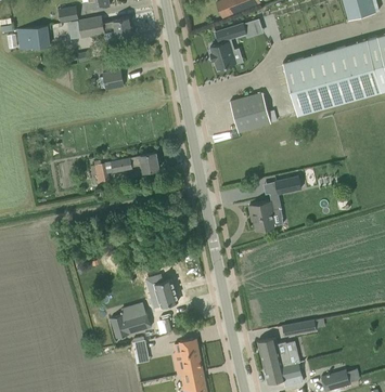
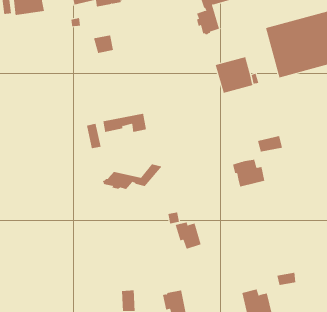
building: none -> [102,164,162,190]
building: [150,279,178,309] -> [175,222,202,250]
building: [111,312,151,339] -> none

